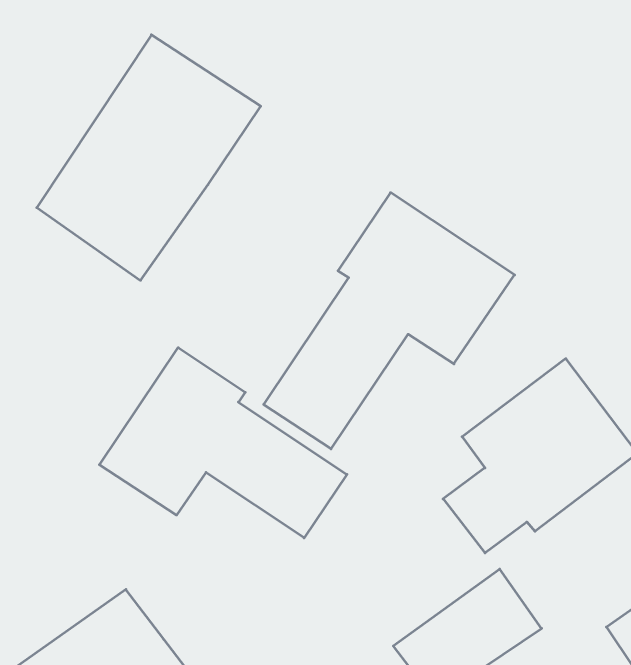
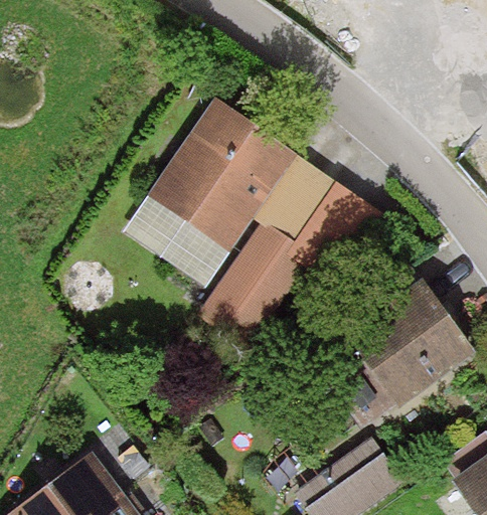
building: [37,35,261,280] -> [126,104,293,287]
building: [99,348,347,538] -> none

